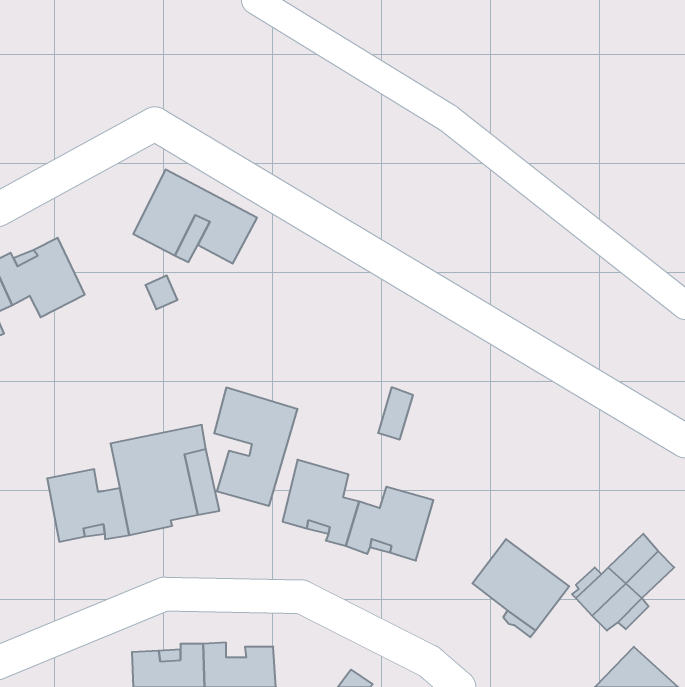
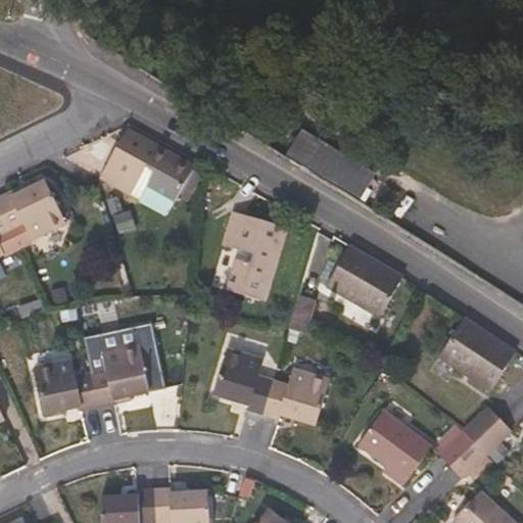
building: none -> [282,132,374,197]
building: none -> [326,245,402,318]
building: [214,388,298,506] -> [223,211,286,301]
building: none -> [438,317,516,390]

